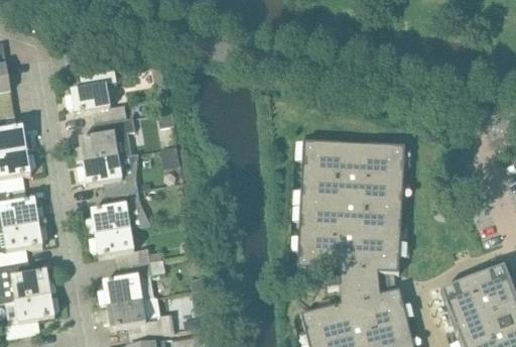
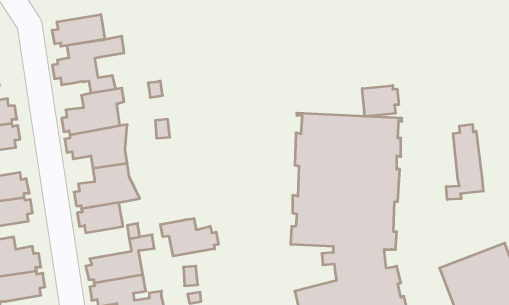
building: none -> [52,14,105,46]
building: none -> [362,85,399,116]
building: none -> [446,124,483,200]
building: none -> [160,218,218,256]

